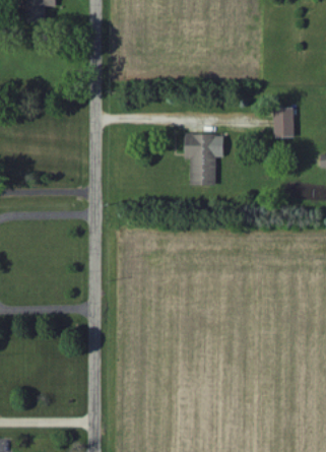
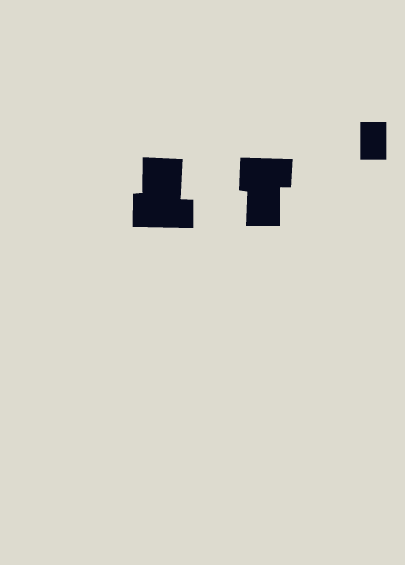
building: none -> [132,157,194,229]

